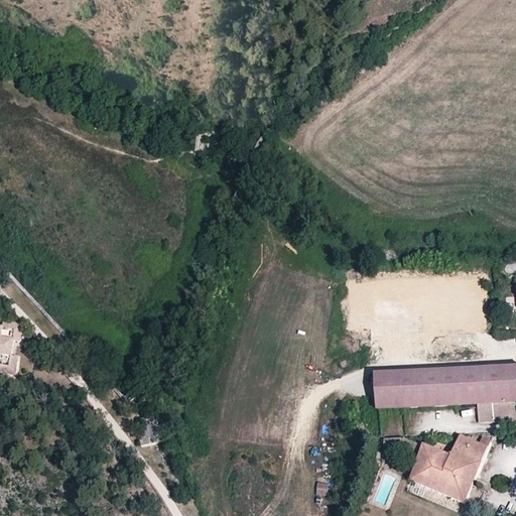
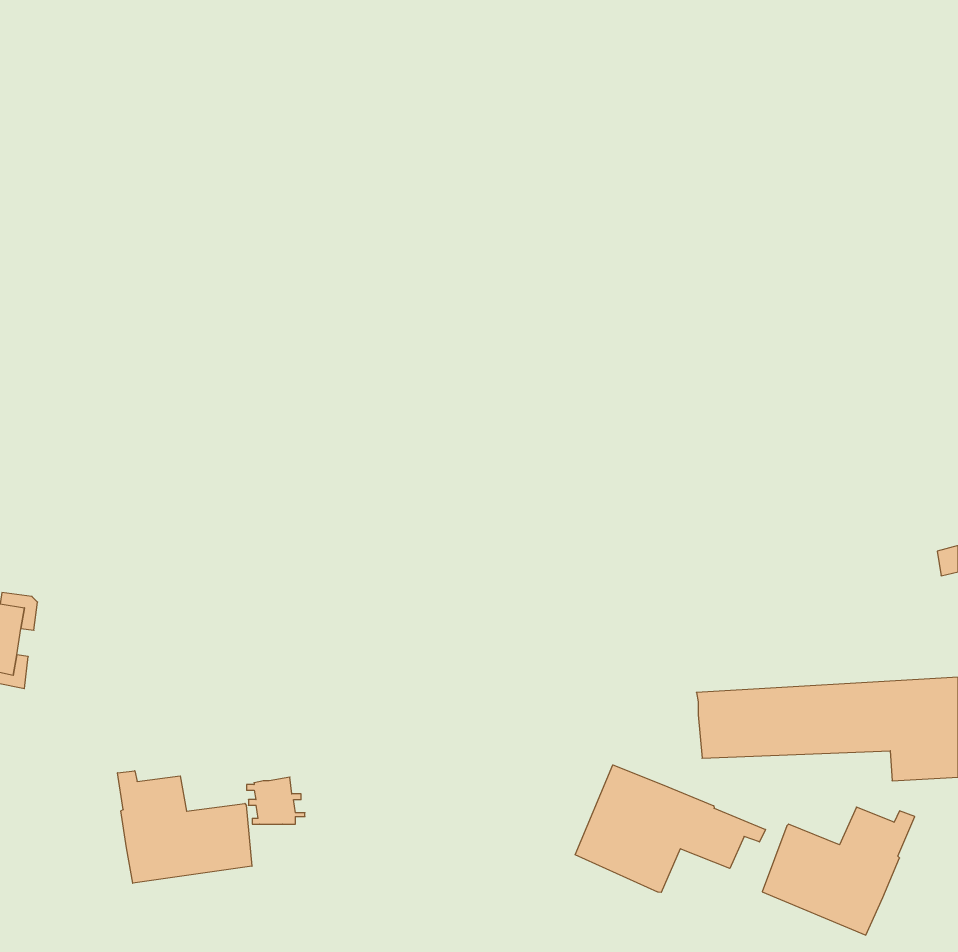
building: none -> [575,765,765,892]
building: none -> [118,771,252,883]

